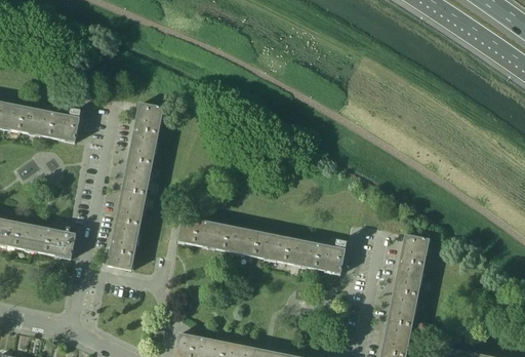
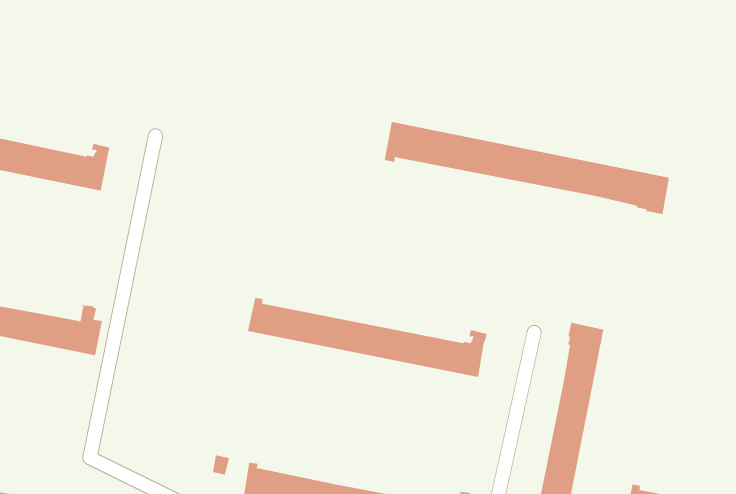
building: none -> [384,121,670,215]
building: [107,103,164,270] -> none

